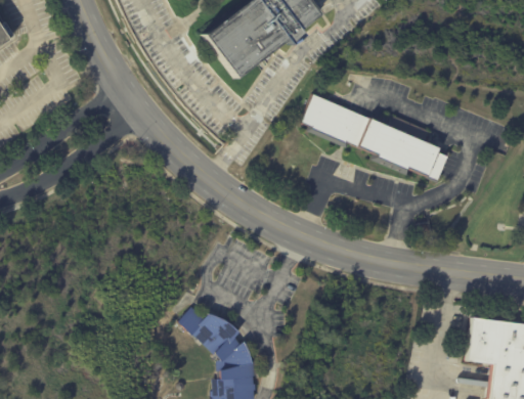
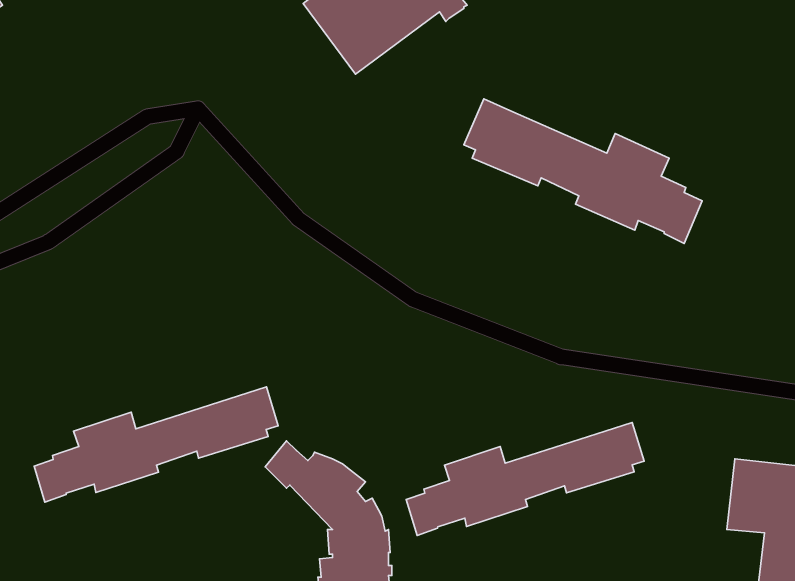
building: none -> [34,387,278,502]
building: none -> [406,422,644,536]

